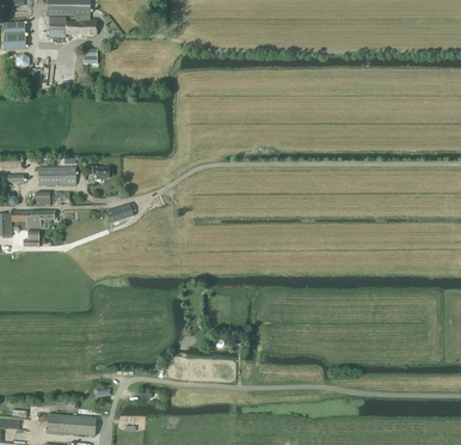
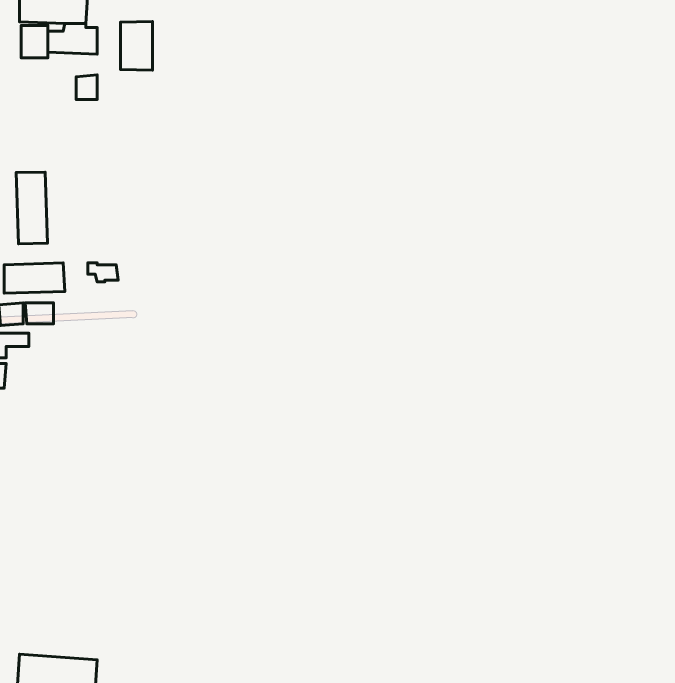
building: none -> [120,22,152,70]
building: none -> [16,172,47,244]

